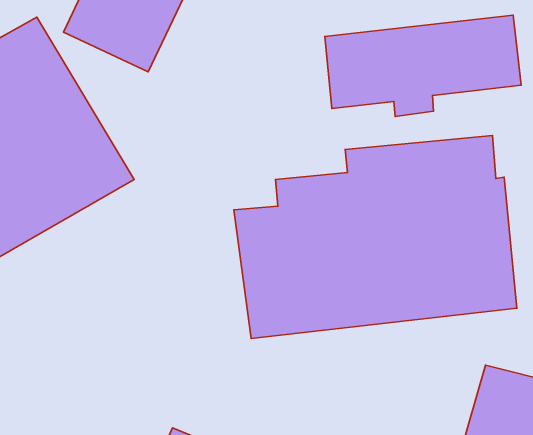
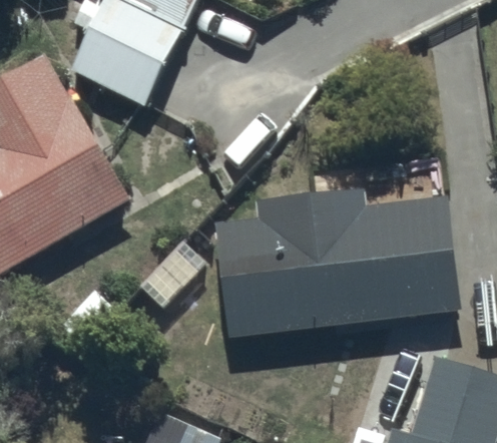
building: [325,15,521,116] -> none

